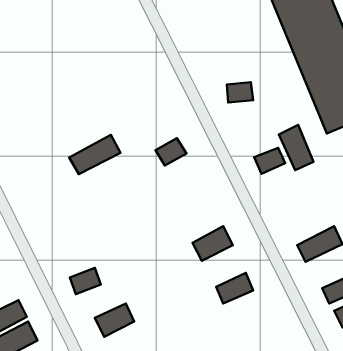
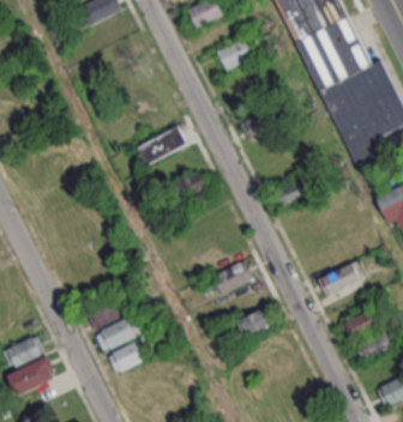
building: none -> [216,38,252,70]
building: [279,125,313,170] -> none
building: [69,135,120,174] -> [134,126,186,165]
building: none -> [102,315,142,349]

